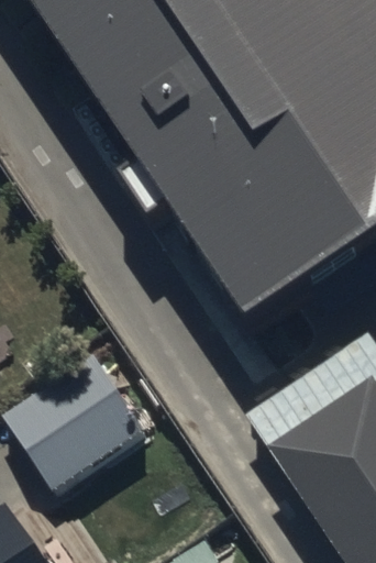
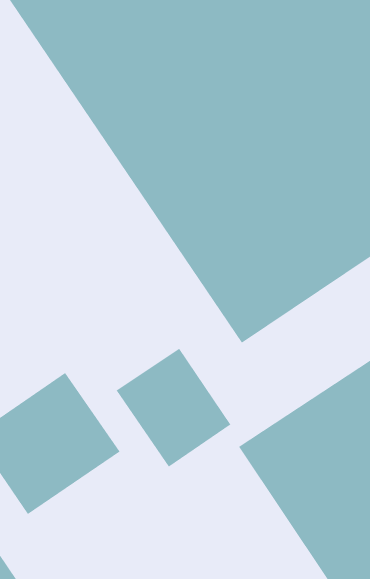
building: none -> [116,348,231,467]

